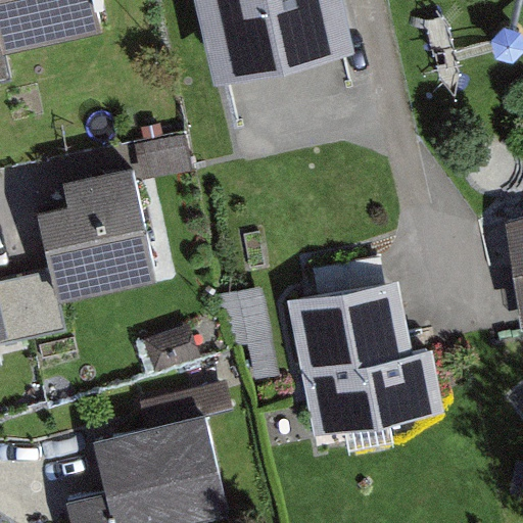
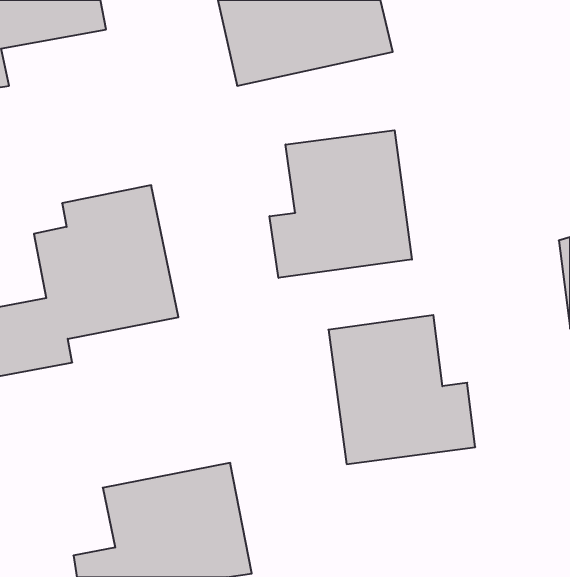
building: none -> [270,130,412,278]

